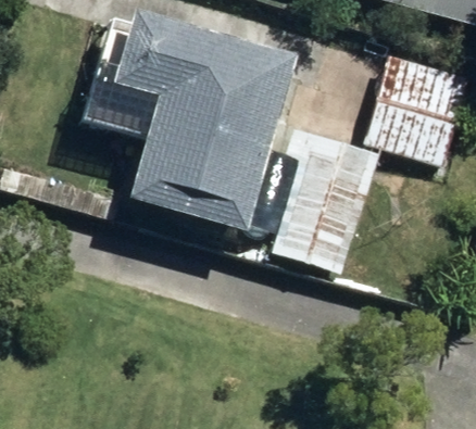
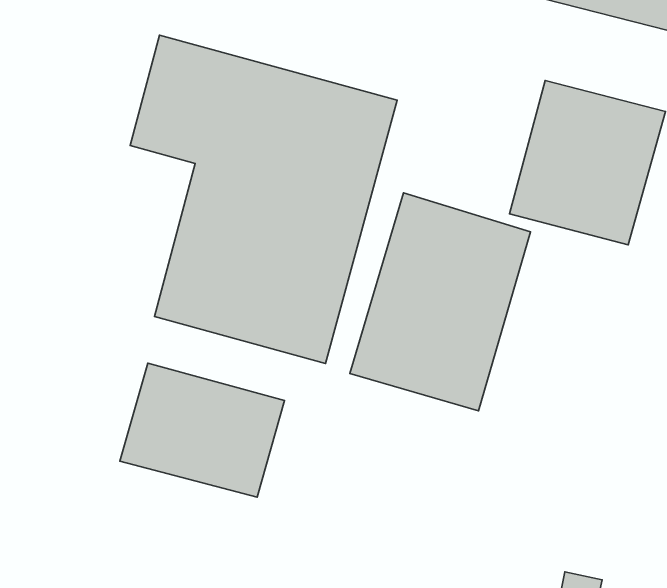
building: none -> [120,363,285,497]

